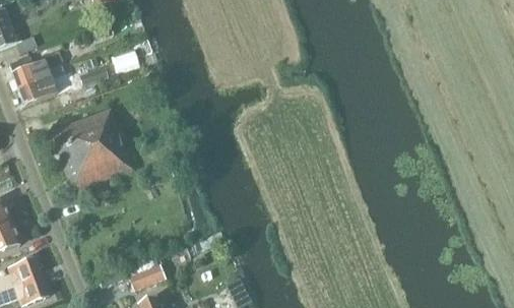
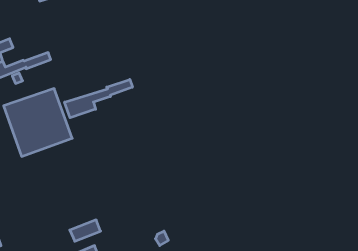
building: none -> [65,79,132,118]

